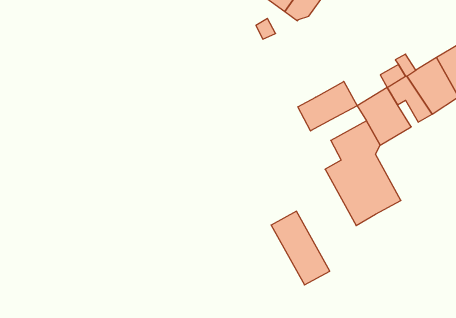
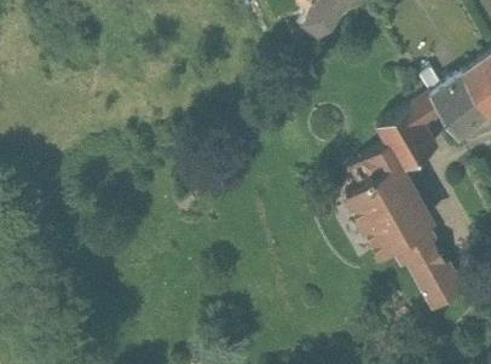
building: [298,81,357,131] -> none
building: [271,211,330,285] -> [400,221,462,299]

